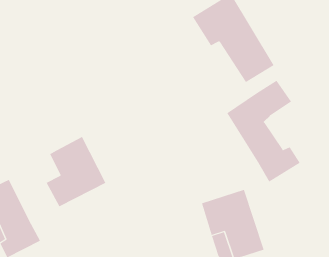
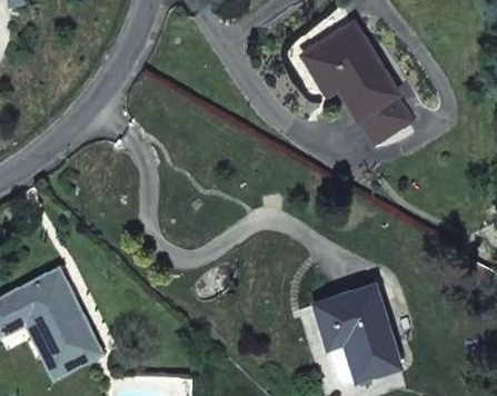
building: [226,80,300,182] -> none
building: [46,136,106,207] -> none

